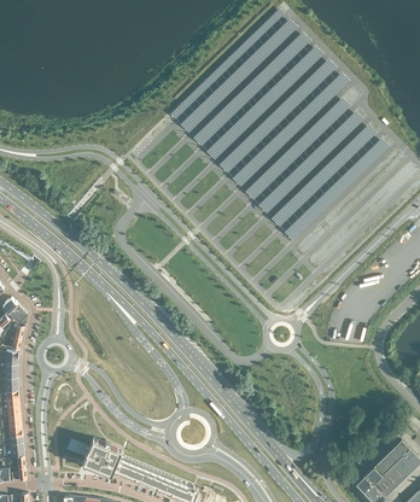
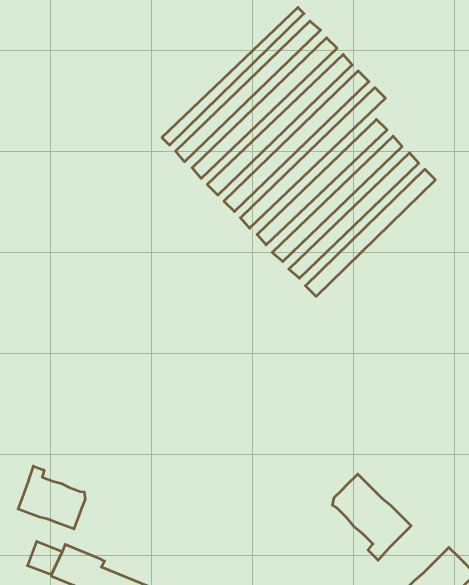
building: none -> [18,466,85,529]
building: none -> [332,474,411,560]

